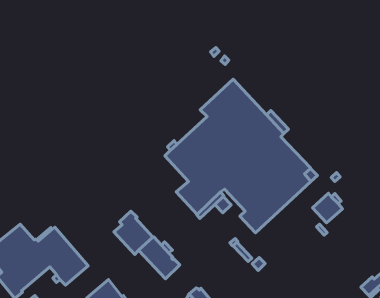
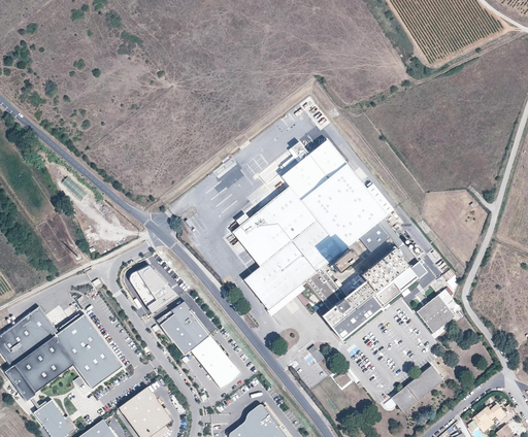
building: none -> [130,266,178,313]
building: none -> [392,366,443,412]

